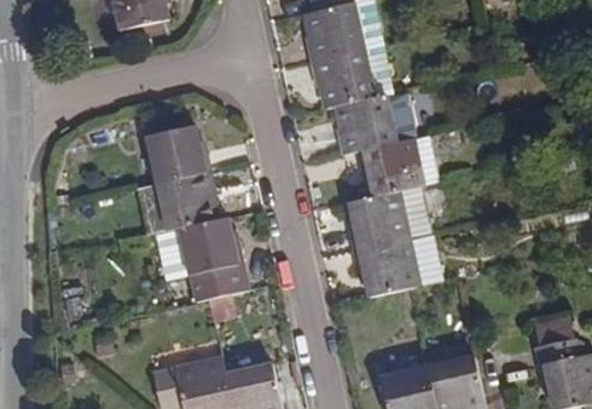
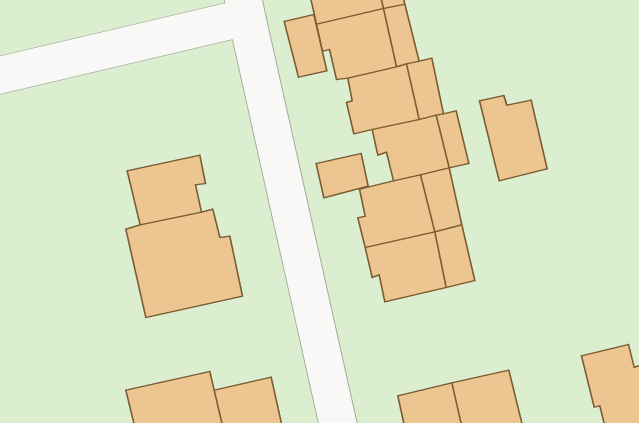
building: none -> [284,15,327,77]
building: none -> [480,95,547,181]
building: [139,126,211,186] -> none
building: none -> [316,154,368,198]

